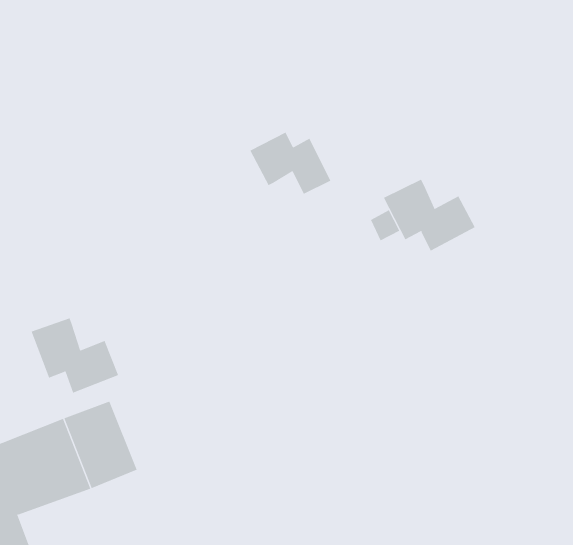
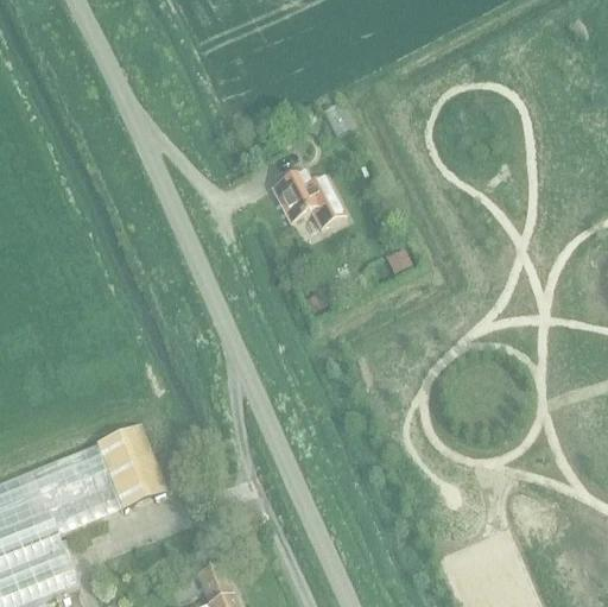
building: [383,179,475,251] -> none
building: [31,317,119,394] -> none

